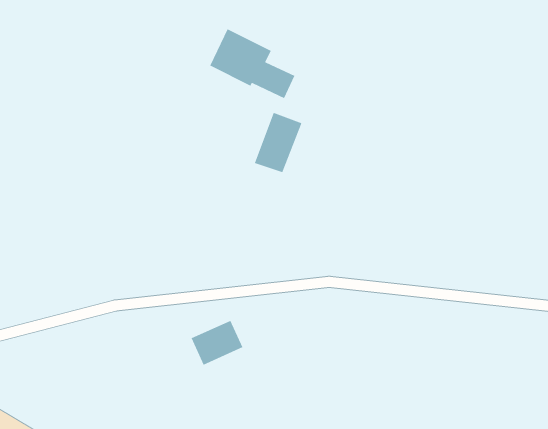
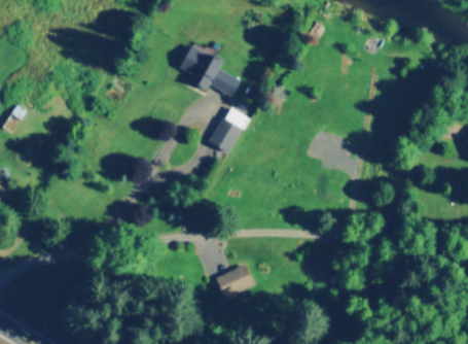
building: [190,320,243,366] -> [216,264,255,298]

